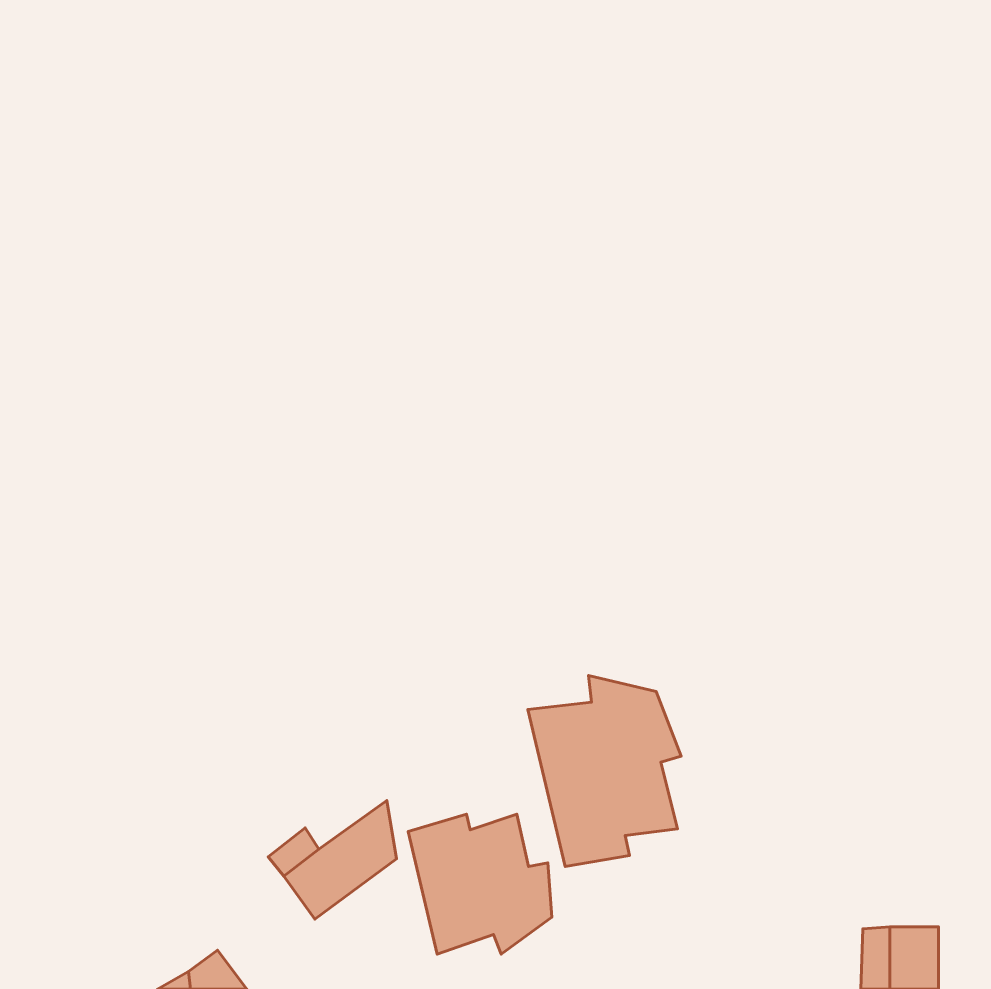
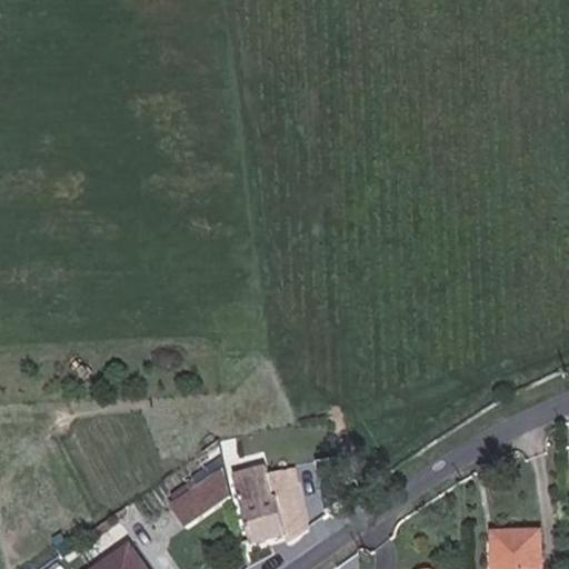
building: [528,676,681,866] -> none

